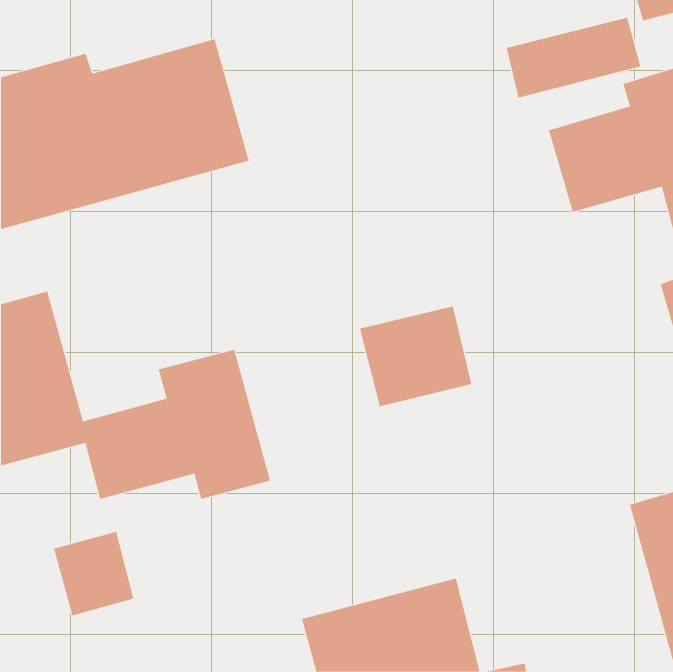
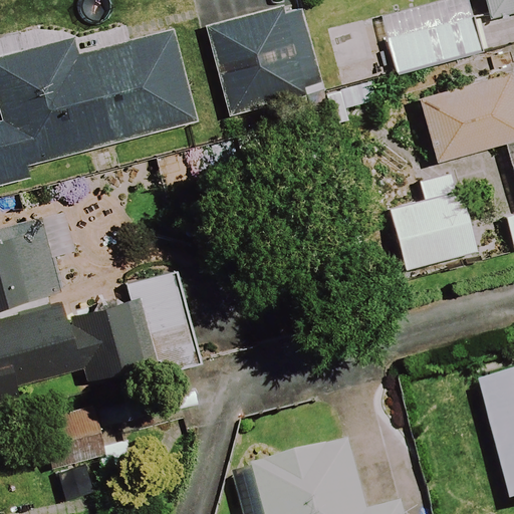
building: none -> [206,6,322,113]
building: [359,306,472,407] -> [389,191,474,267]

